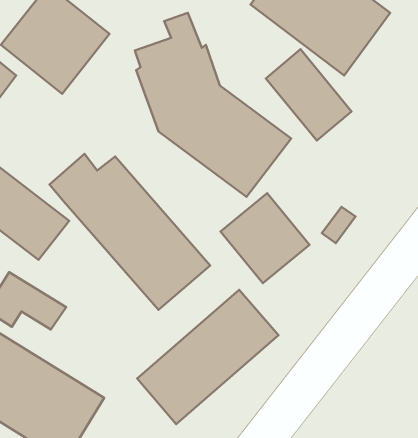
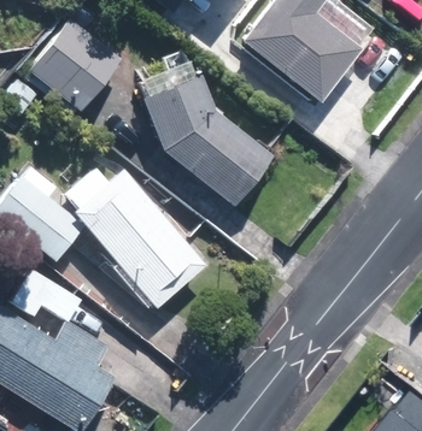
building: [266,49,352,141] -> none
building: [221,193,310,283] -> none
building: [137,290,278,424] -> none

